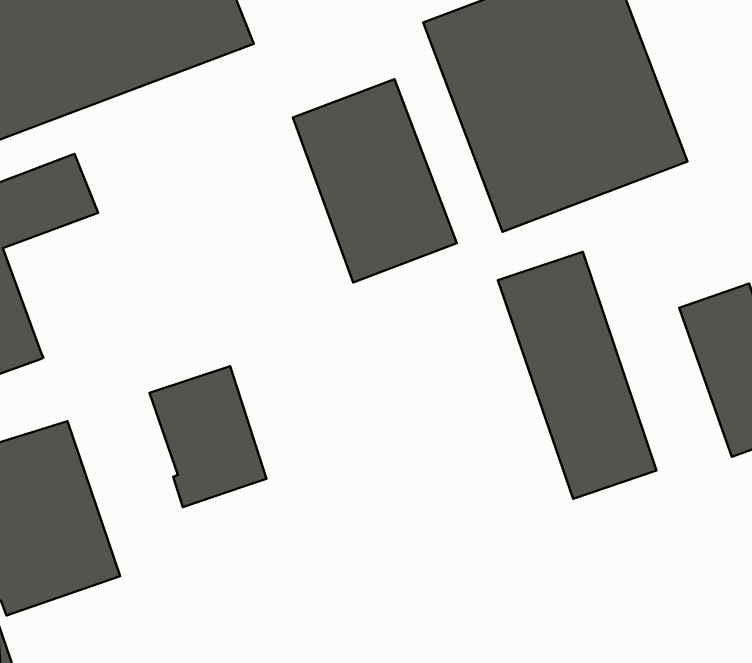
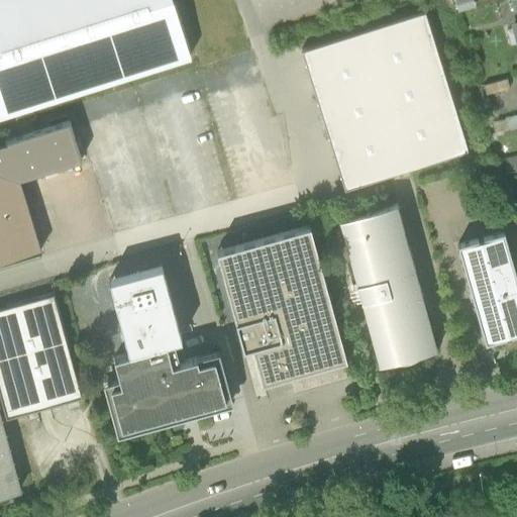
building: [293,79,457,282] -> none
building: none -> [216,227,351,397]
building: none -> [104,346,231,437]

